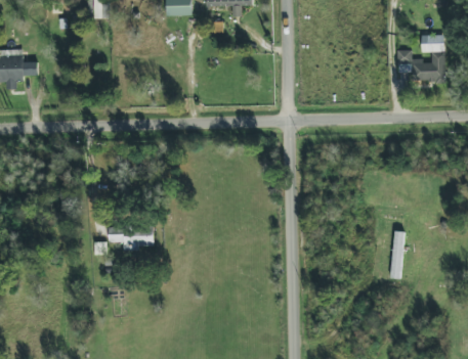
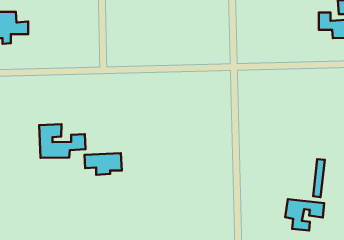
building: none -> [39,124,85,158]
building: none -> [285,199,324,231]

